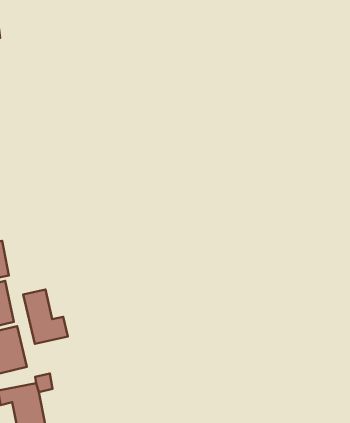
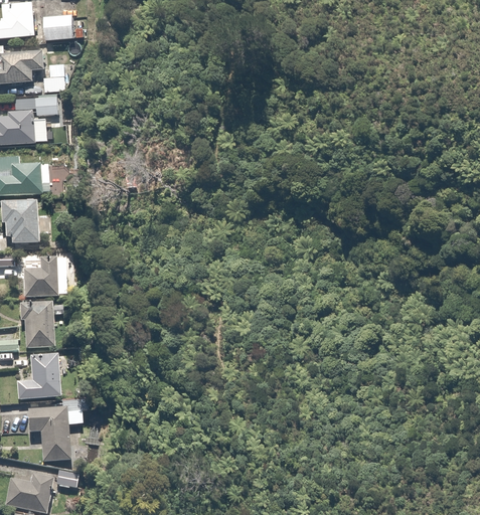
building: [23,289,68,344] -> none

